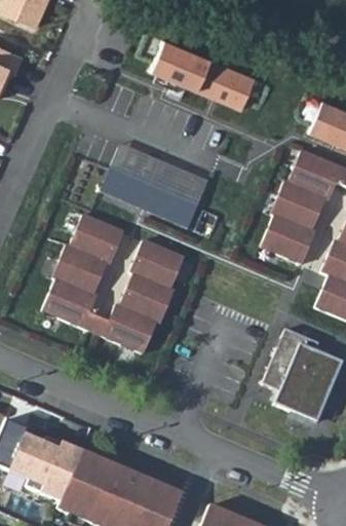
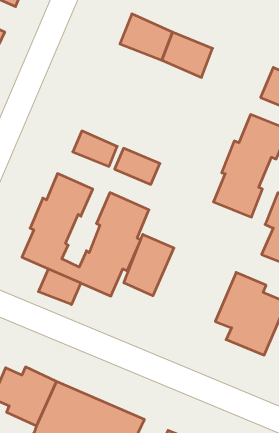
building: [110,144,208,211] -> none
building: none -> [124,234,174,296]
building: none -> [38,269,81,305]

